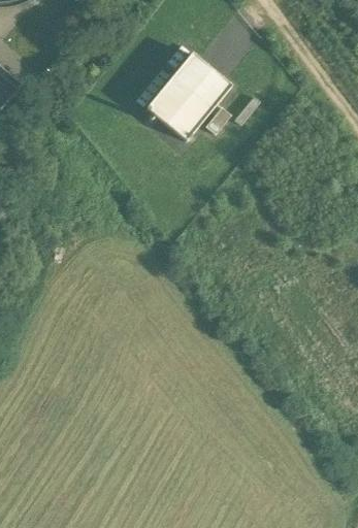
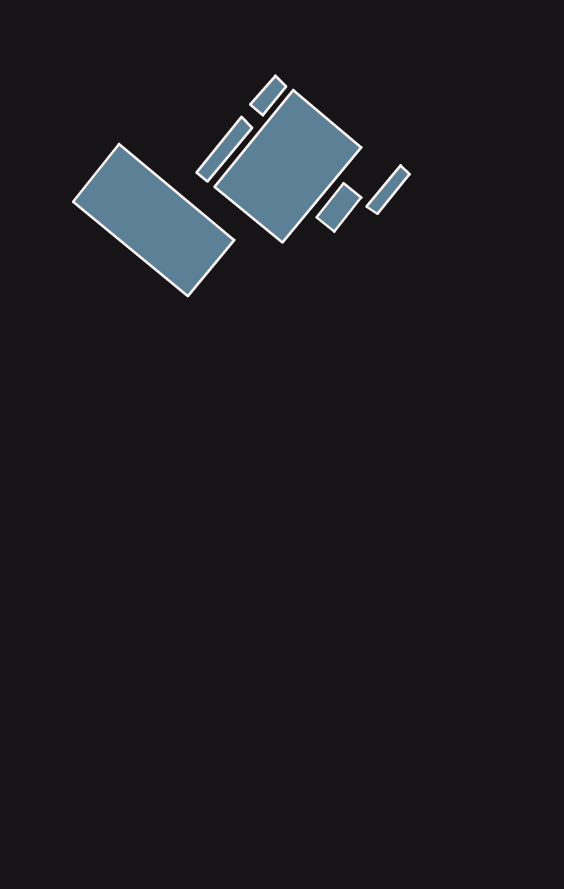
building: none -> [73,144,234,296]

